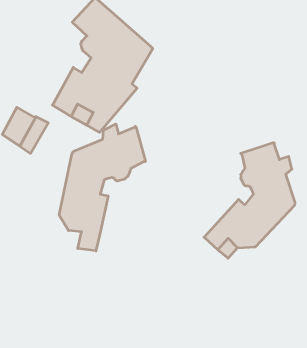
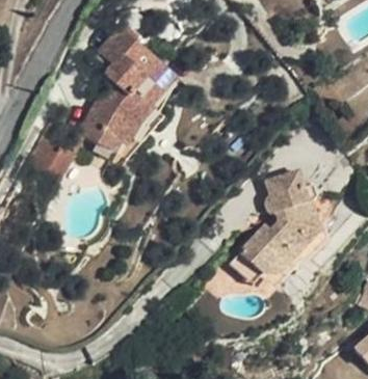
building: [59,124,145,251] -> none

